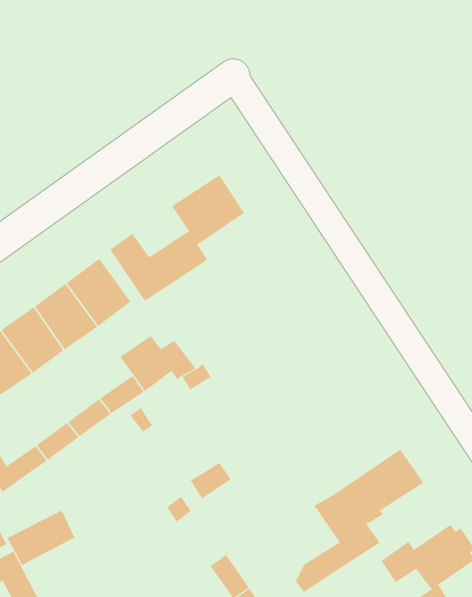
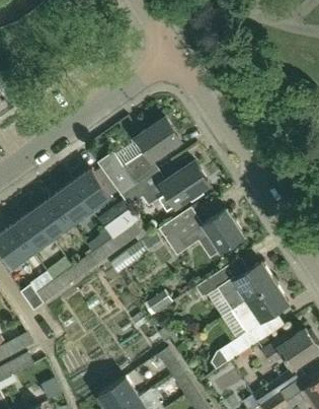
building: none -> [119,162,210,207]
building: none -> [160,208,244,255]
building: none -> [195,263,274,312]
building: [7,510,75,566] -> none

